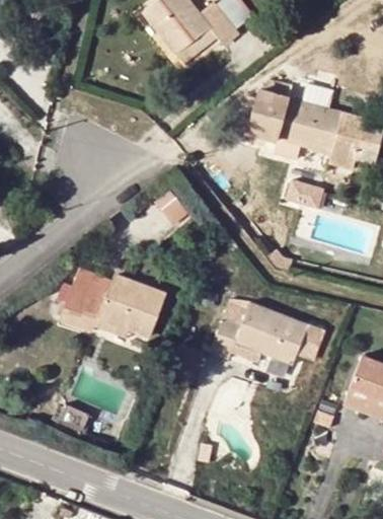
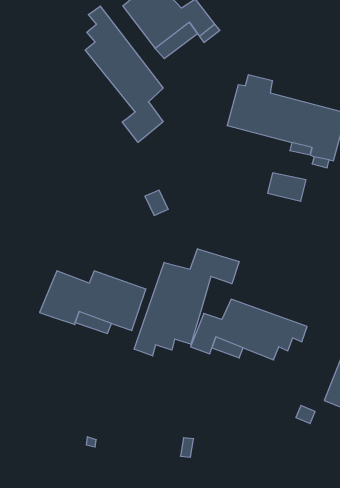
building: none -> [85,6,163,142]
building: none -> [134,249,239,356]

